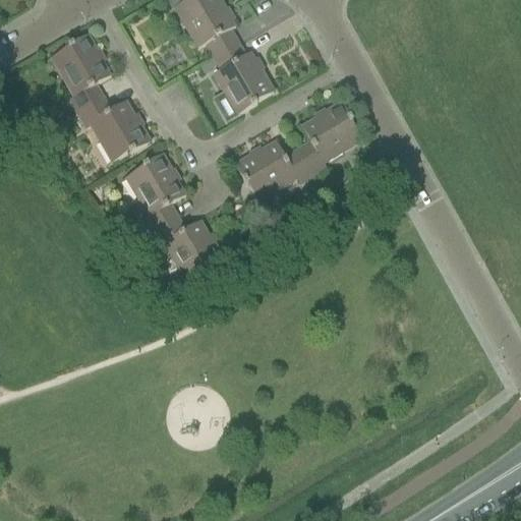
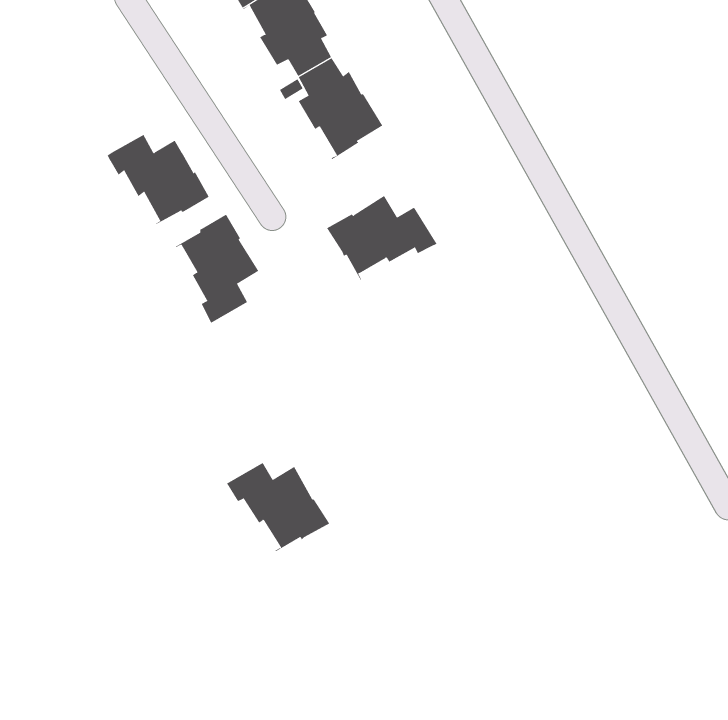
building: [50,33,110,111] -> none
building: [296,100,361,174] -> none
building: [151,216,225,280] -> [226,462,330,552]

